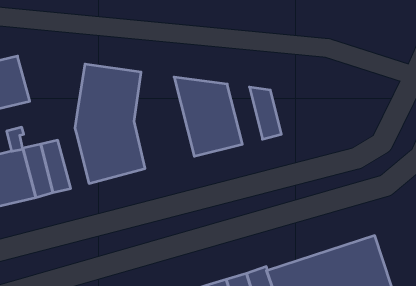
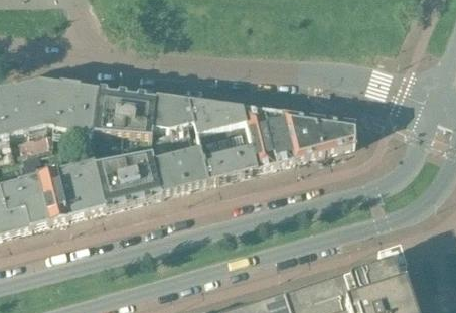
building: none -> [36,77,104,131]
building: none -> [153,95,213,191]
building: none -> [247,107,282,167]
building: none -> [290,113,356,157]
building: none -> [77,158,108,211]

